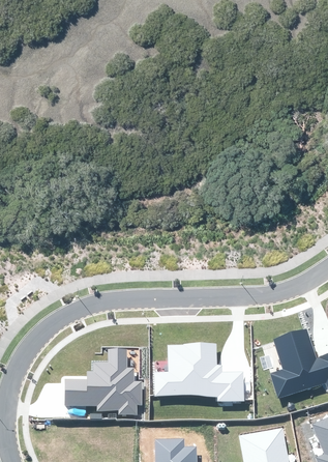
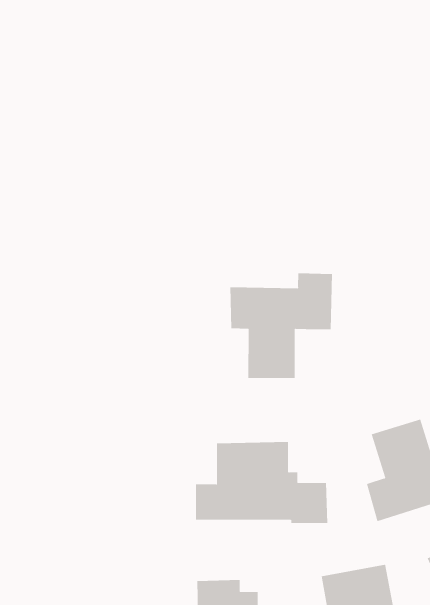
building: none -> [230,272,333,379]
building: [64,348,141,414] -> none

